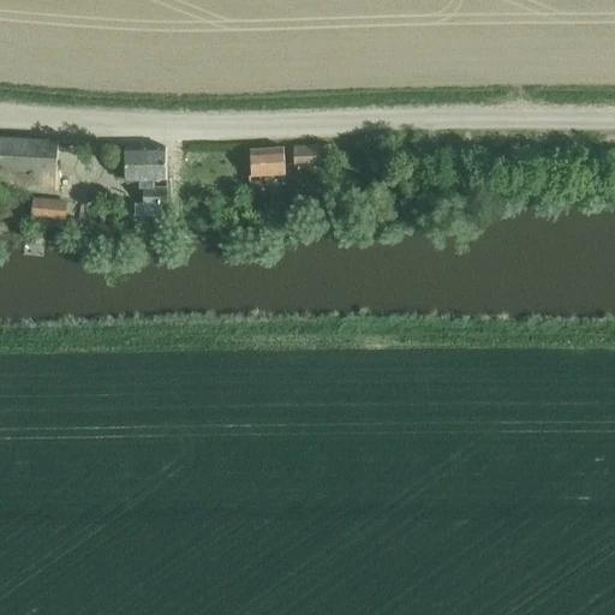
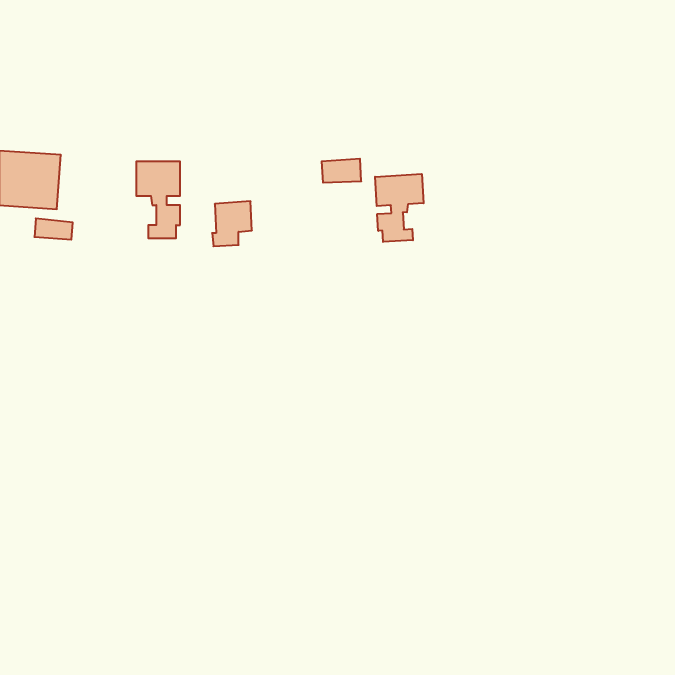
building: [247,147,283,187] -> [212,201,252,246]
building: none -> [375,174,424,242]

